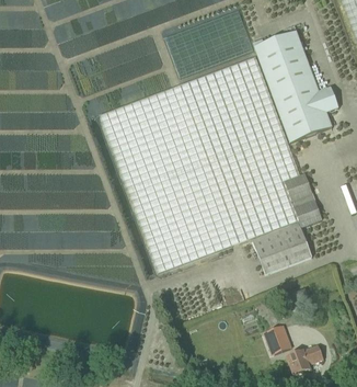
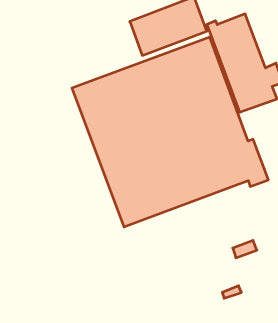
building: [252,223,311,274] -> none
building: [286,345,323,375] -> none

